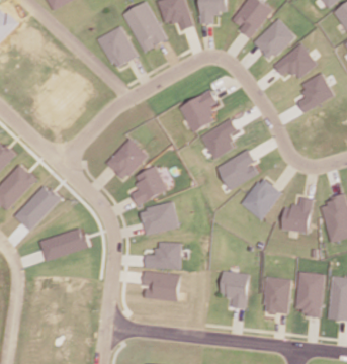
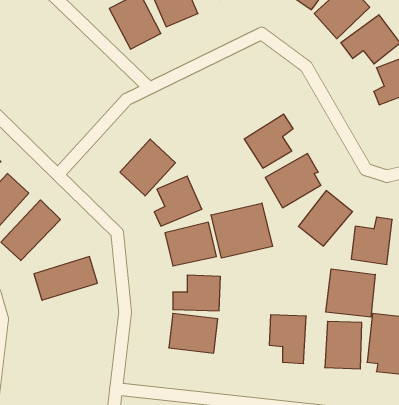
building: [178,89,216,132] -> none
building: none -> [211,203,273,258]
building: none -> [326,269,375,317]

